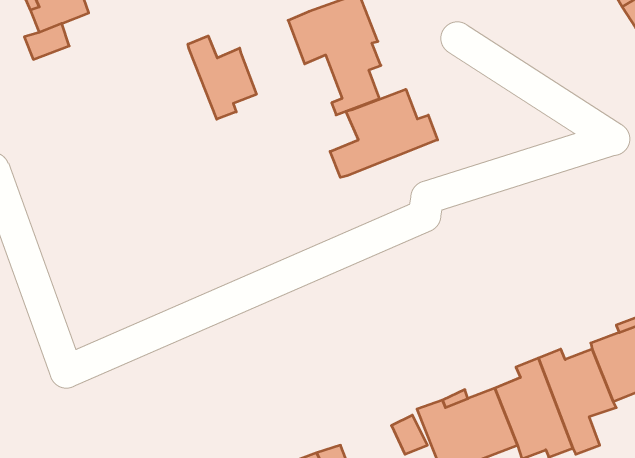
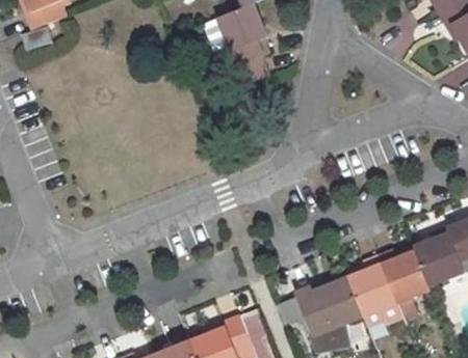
building: [188,36,256,119] -> none
building: [330,89,438,177] -> none

